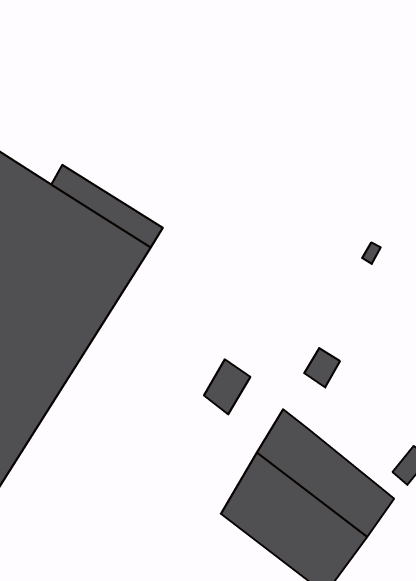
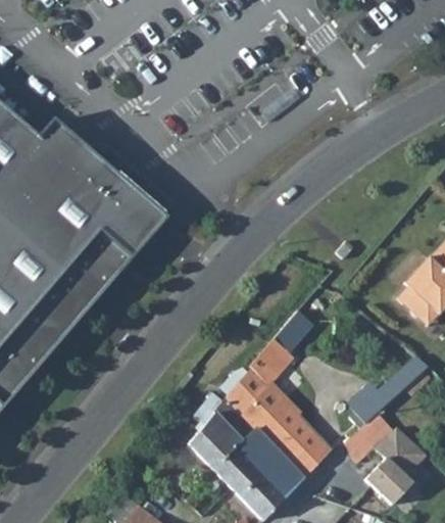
building: [204,359,250,414] -> [252,339,292,384]

